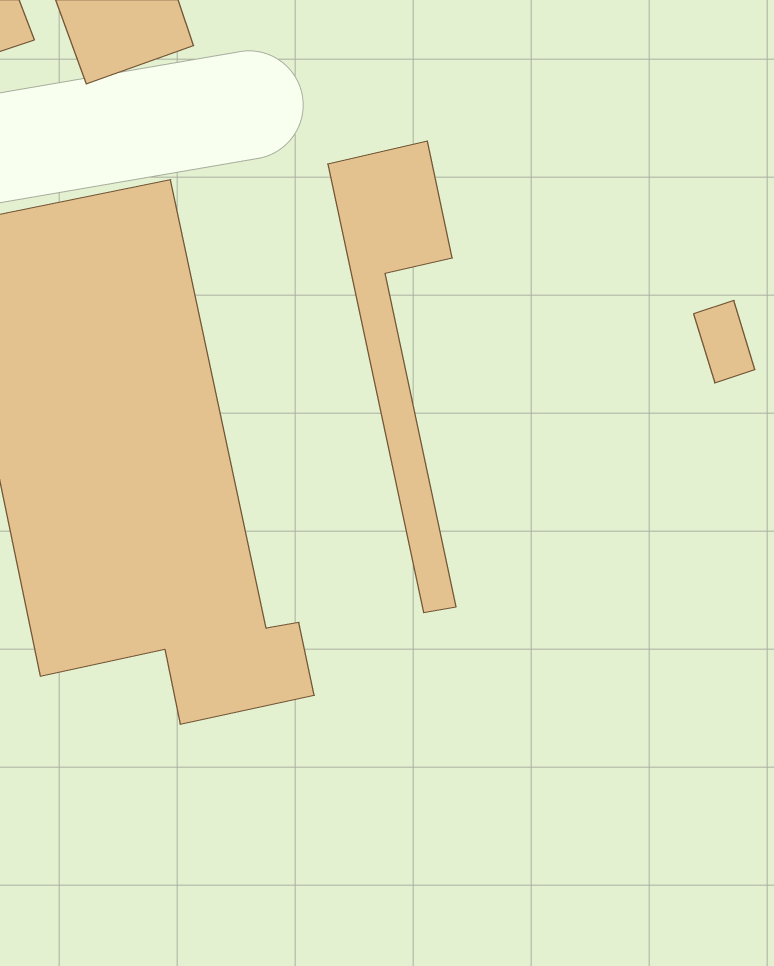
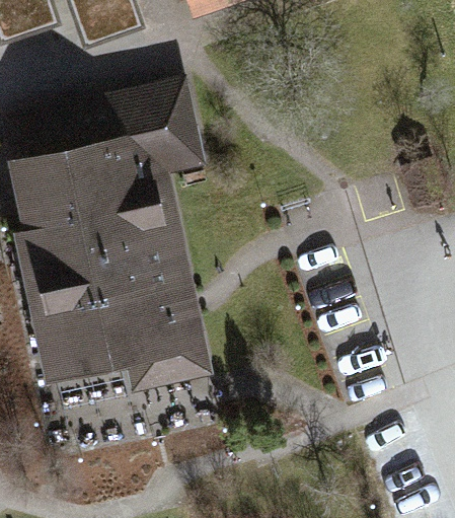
building: [328,141,456,613] -> [131,89,199,339]

